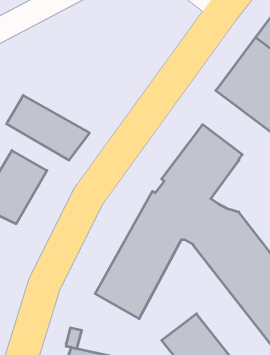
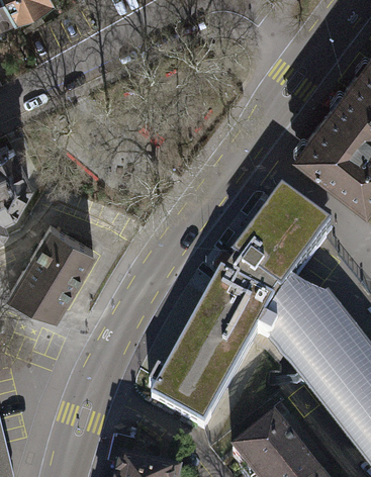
building: [7,95,89,160] -> none

